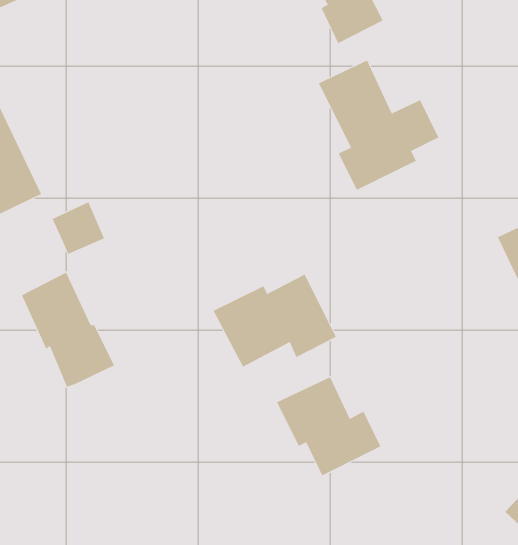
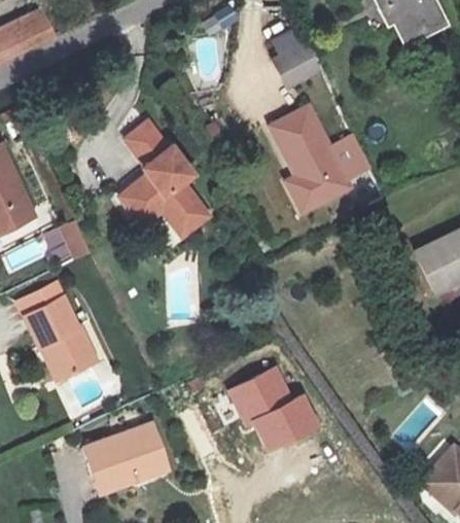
building: none -> [119,119,207,231]
building: [213,274,337,367] -> none
building: none -> [84,424,170,492]

